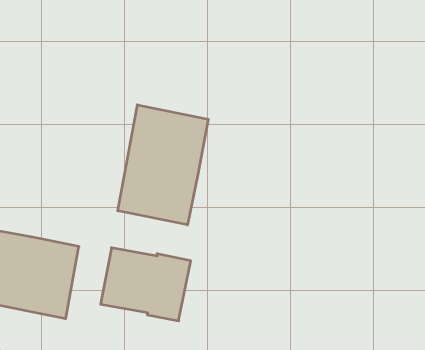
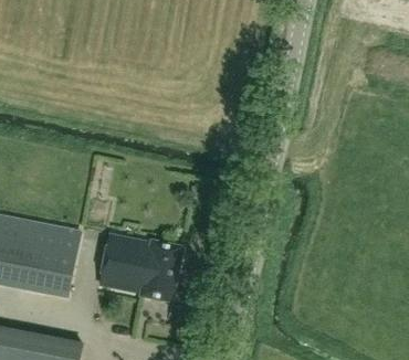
building: [118,105,208,225] -> none

